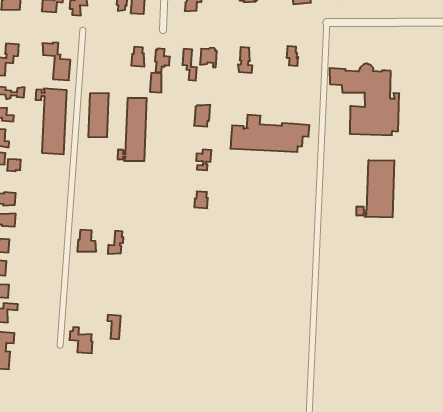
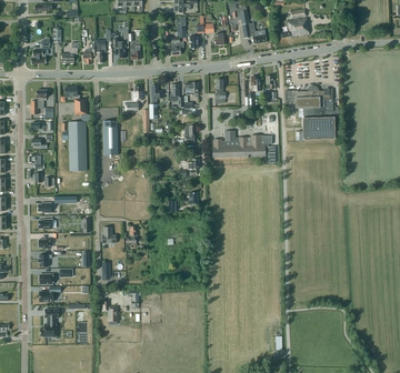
building: [118,98,147,161] -> none
building: [357,160,394,217] -> none

